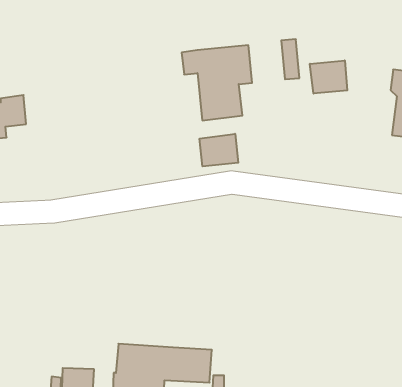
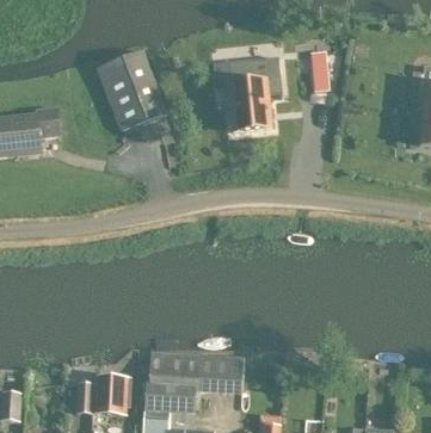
building: none -> [96,49,165,129]
building: [310,60,347,94] -> none
building: [200,134,238,166] -> none

